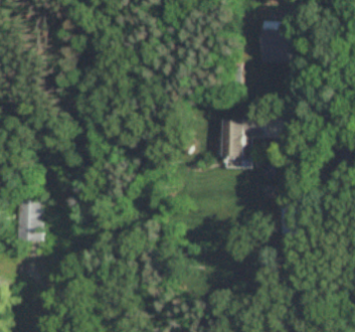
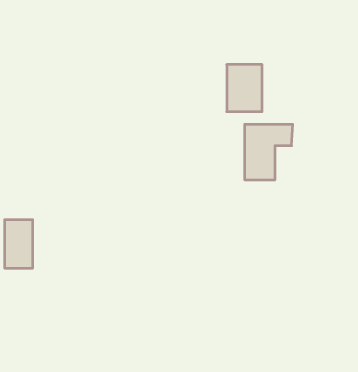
building: [261,22,292,62] -> [227,65,262,112]

